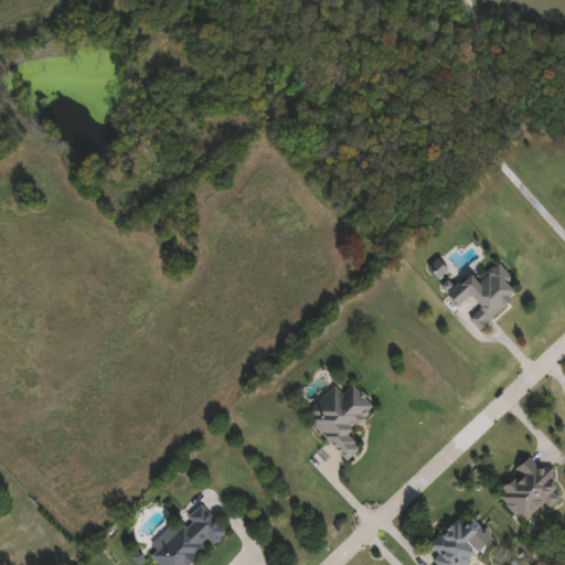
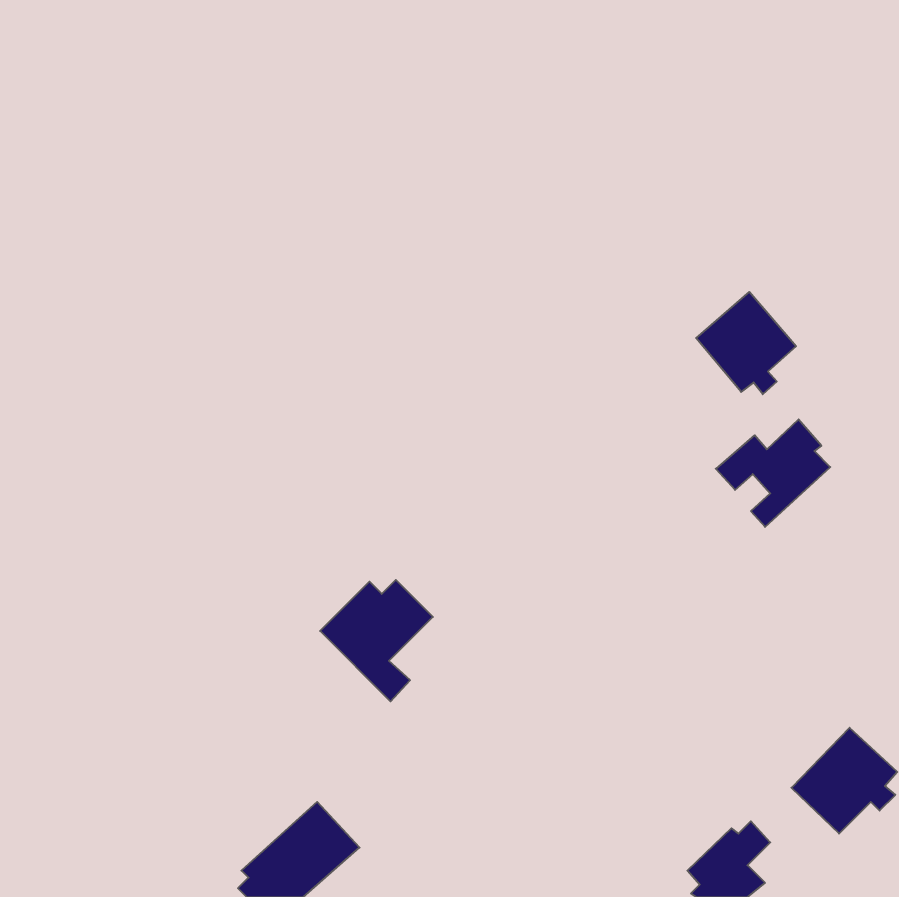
building: none -> [696,292,796,394]
building: [305,384,375,460] -> [320,580,433,701]

